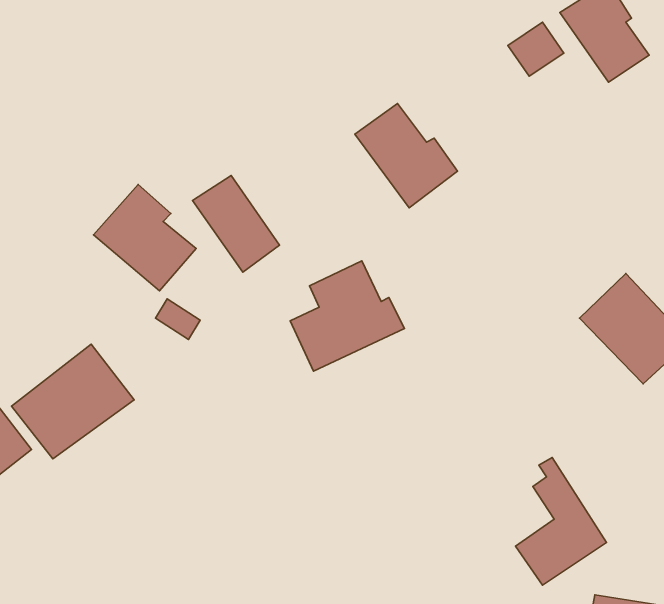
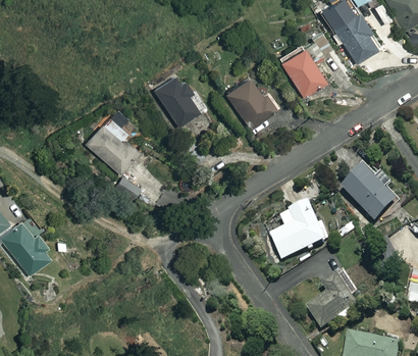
building: none -> [278,43,326,97]
building: [192,175,280,272] -> [154,77,200,128]
building: [290,261,404,371] -> [271,203,331,261]
building: [12,344,134,459] -> none

